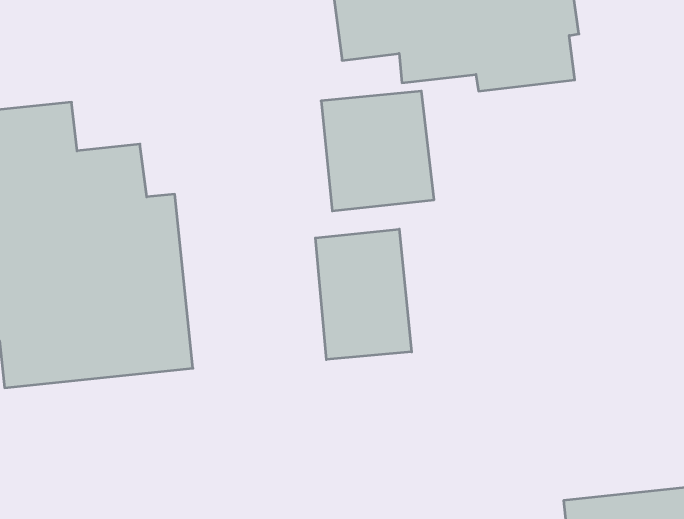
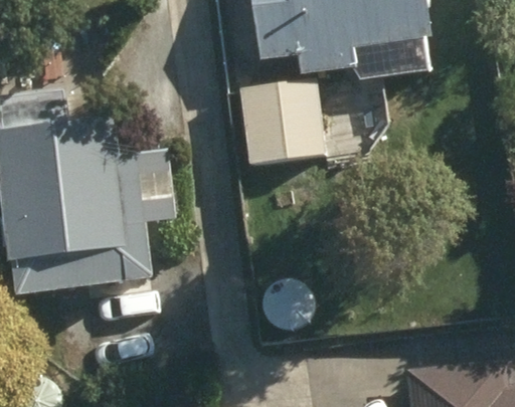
building: [315,229,412,360] -> none

